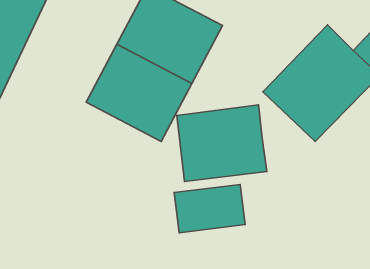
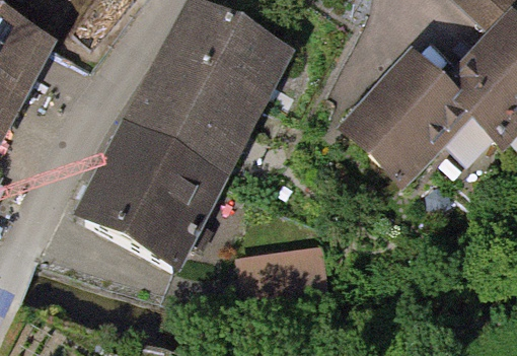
building: none -> [79,143,212,266]
building: [177,105,267,181] -> none

